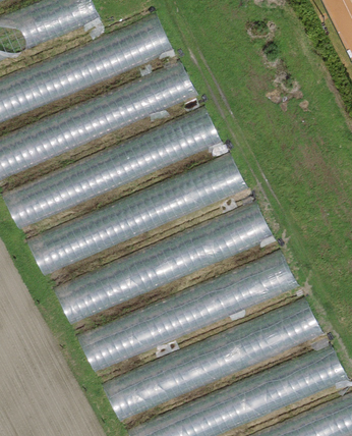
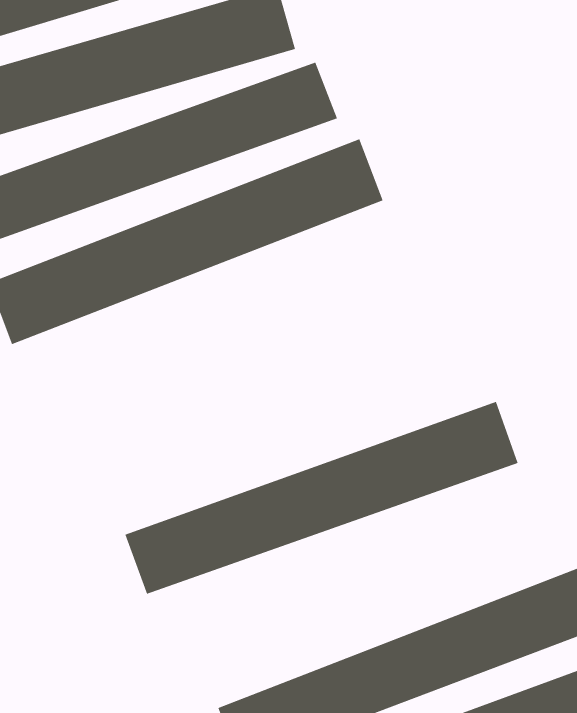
building: [25,158,245,270] -> none
building: [52,206,271,321] -> none
building: [100,308,321,413] -> none

